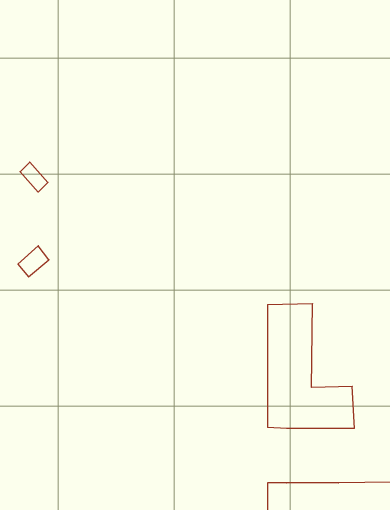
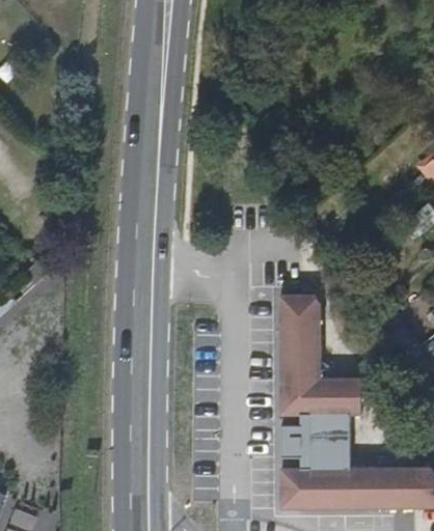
building: none -> [277,417,348,470]

